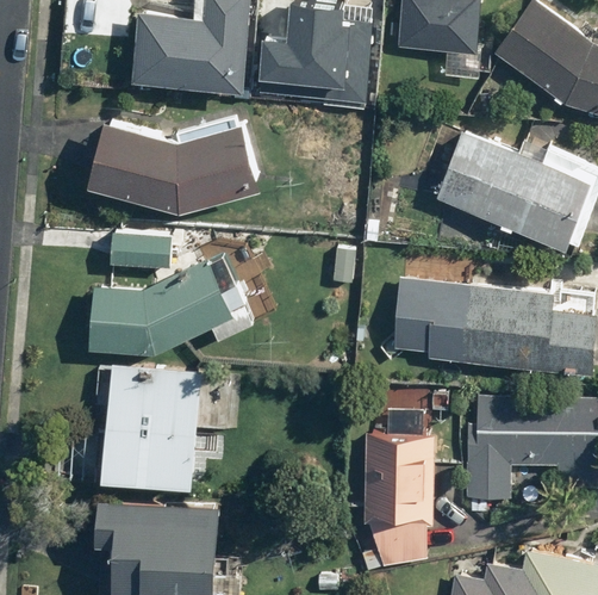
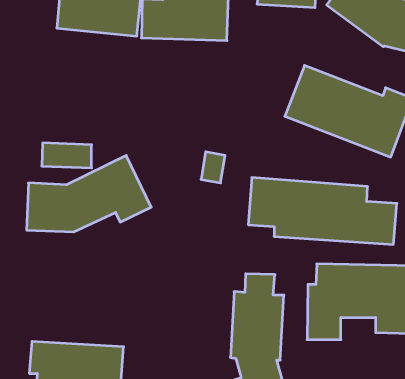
building: [86,118,262,210] -> none
building: [100,366,200,490] -> none

